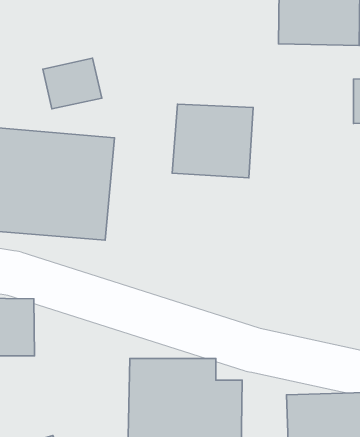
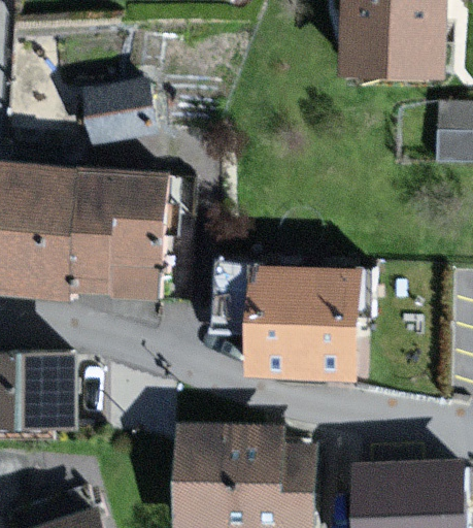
building: [172,104,253,178] -> none
building: none -> [212,265,359,374]

